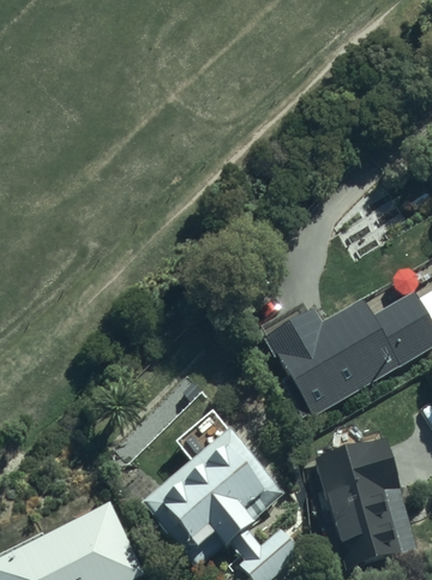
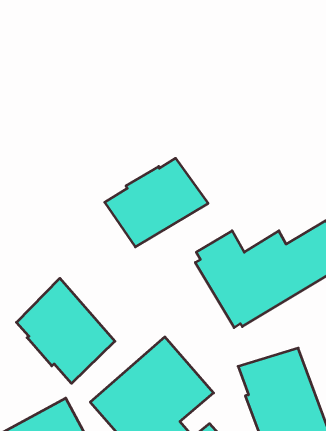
building: none -> [105,158,208,247]
building: none -> [16,278,115,383]

